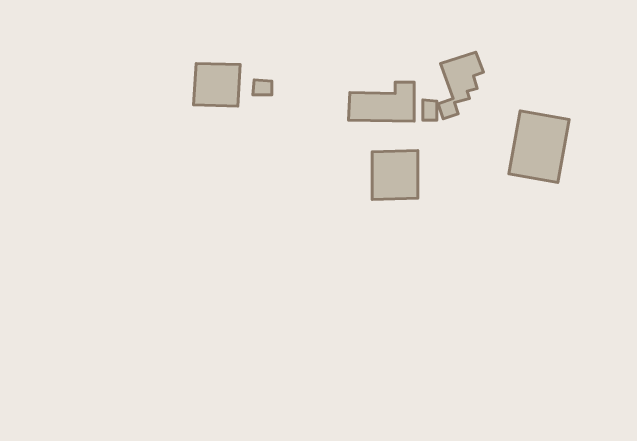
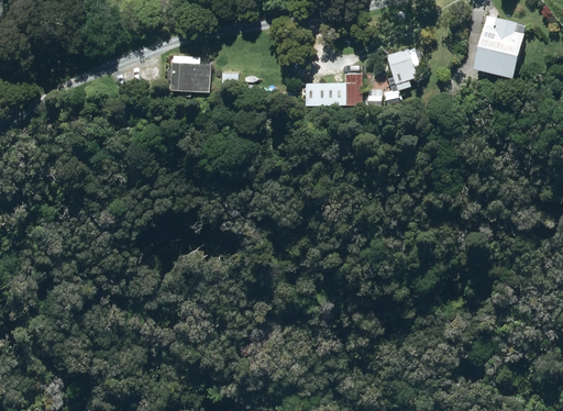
building: [509,111,569,183] -> [474,15,527,78]
building: [372,150,418,200] -> none

